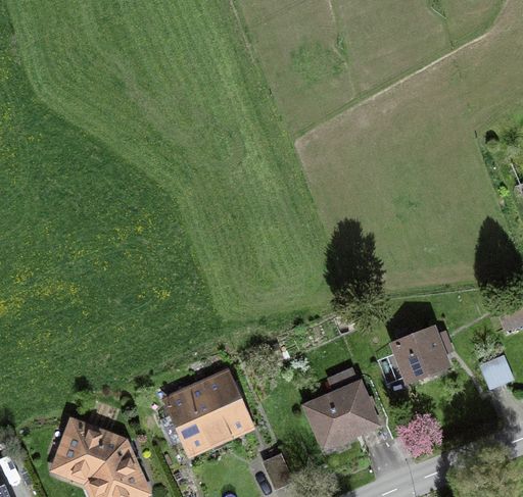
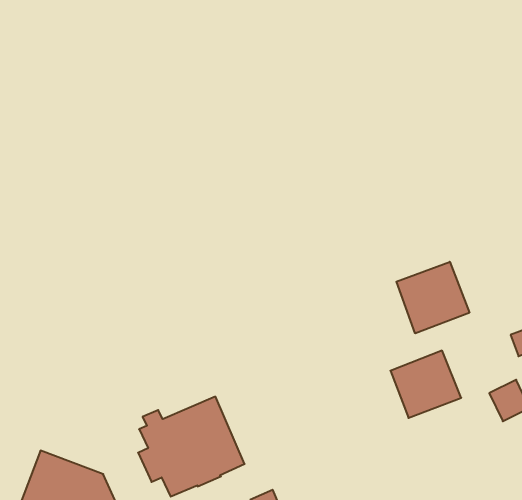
building: none -> [396,262,469,333]
building: [301,366,382,451] -> none

